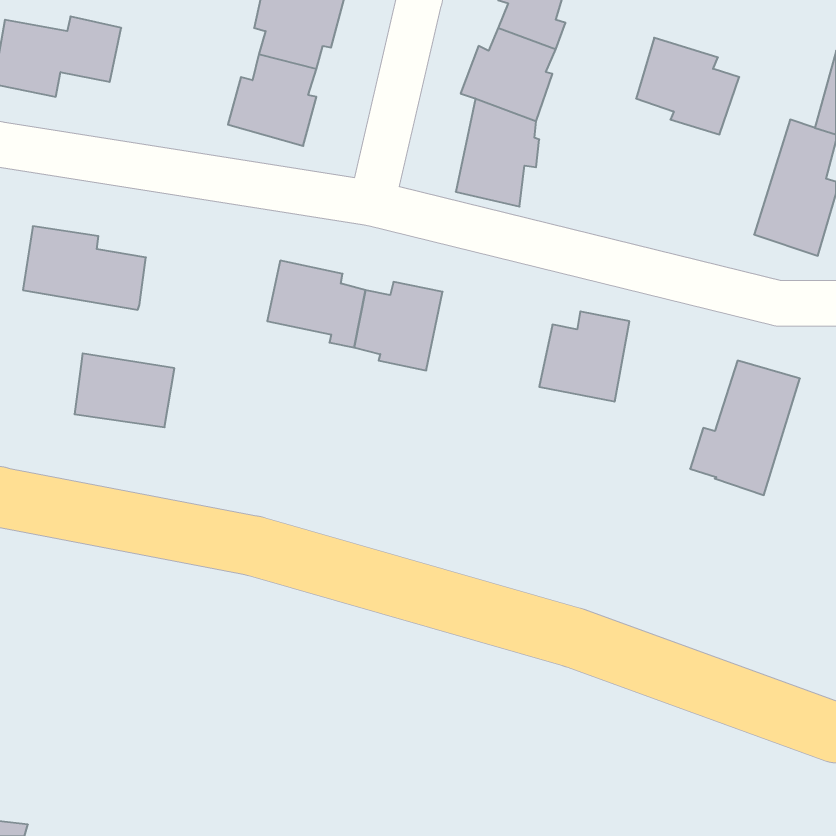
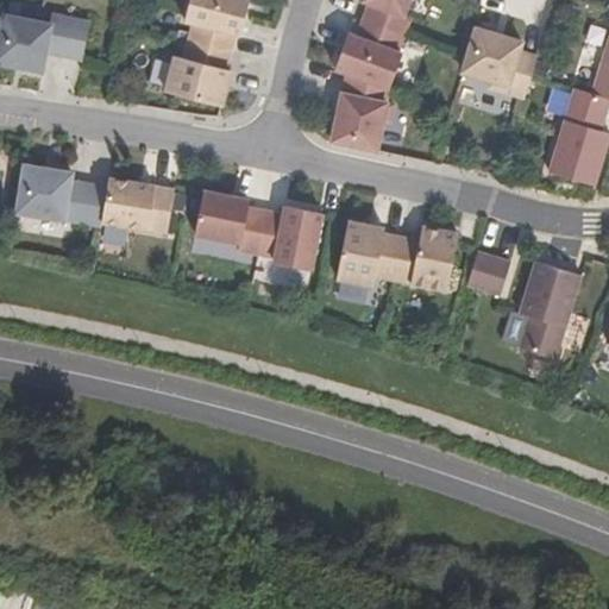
building: none -> [337,220,401,285]
building: none -> [466,251,509,295]
building: [74,353,174,427] -> [101,177,174,231]

